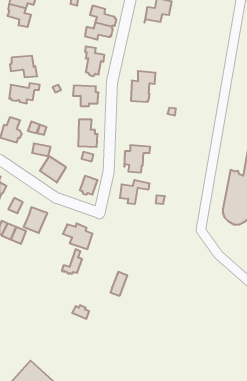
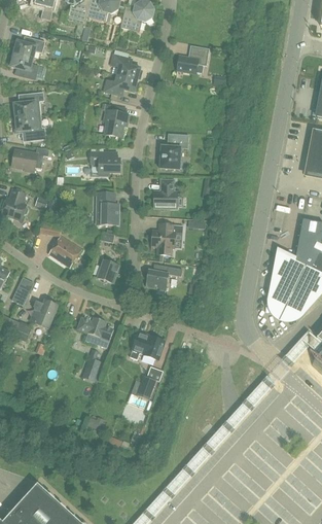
building: none -> [11,91,44,115]
building: none -> [153,178,177,206]
building: none -> [130,333,165,358]

